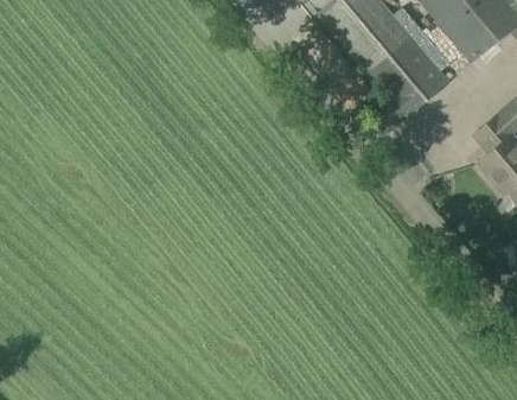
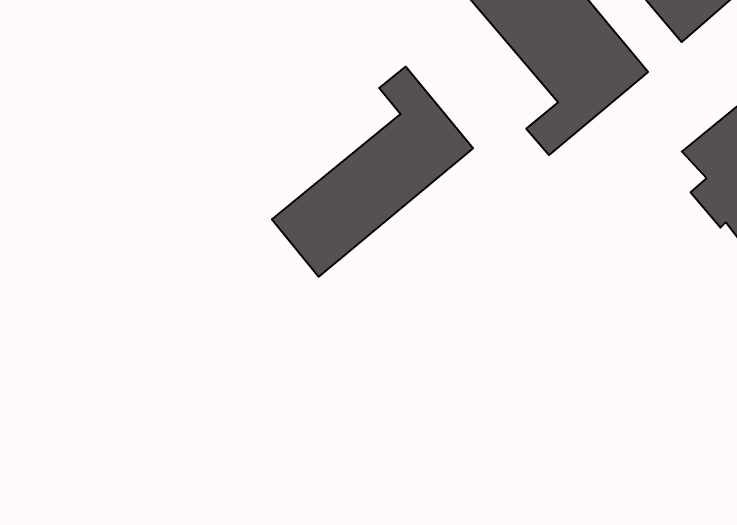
building: none -> [272,67,473,277]

